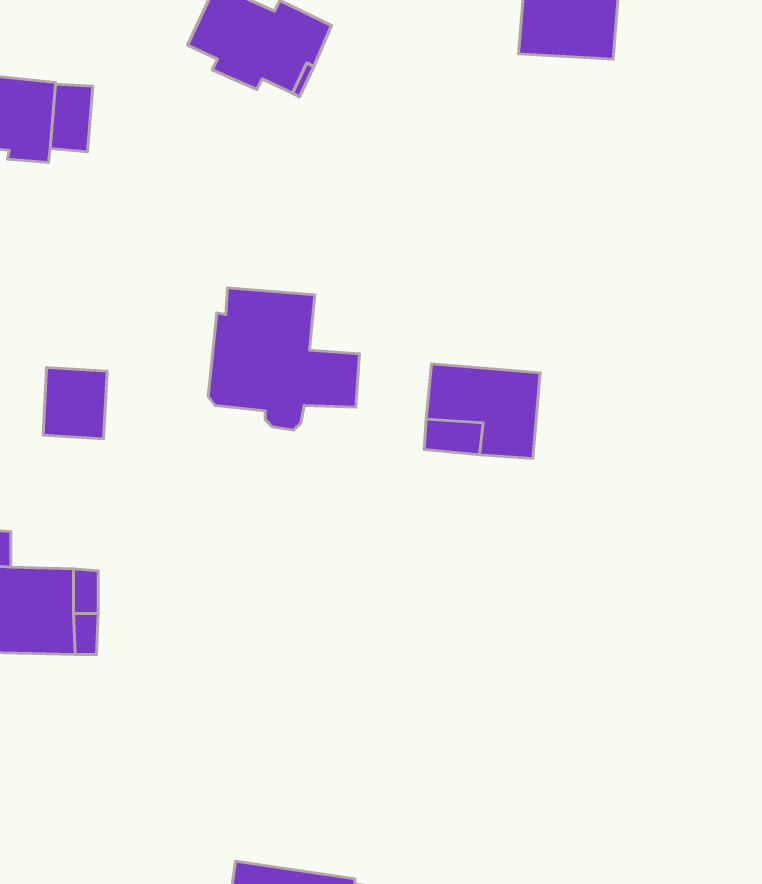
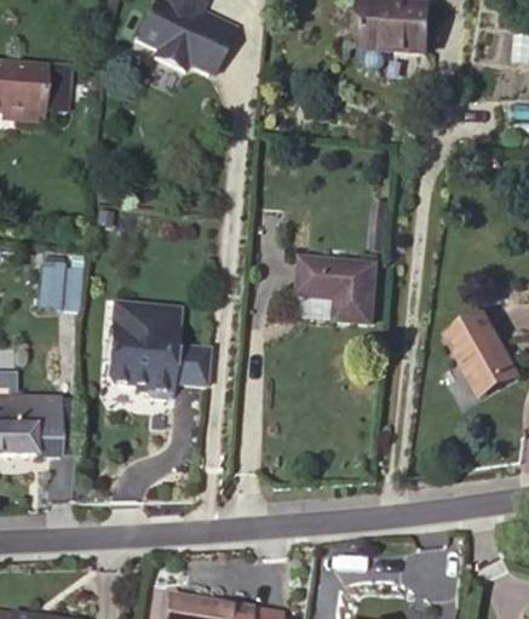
building: [208,288,359,430] -> [107,299,209,396]
building: none -> [445,311,516,392]

